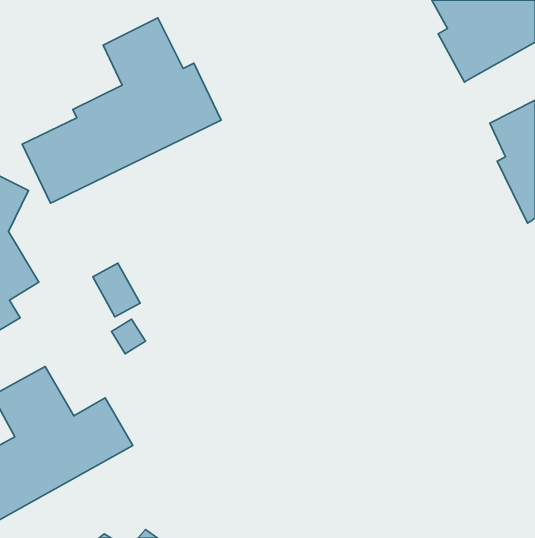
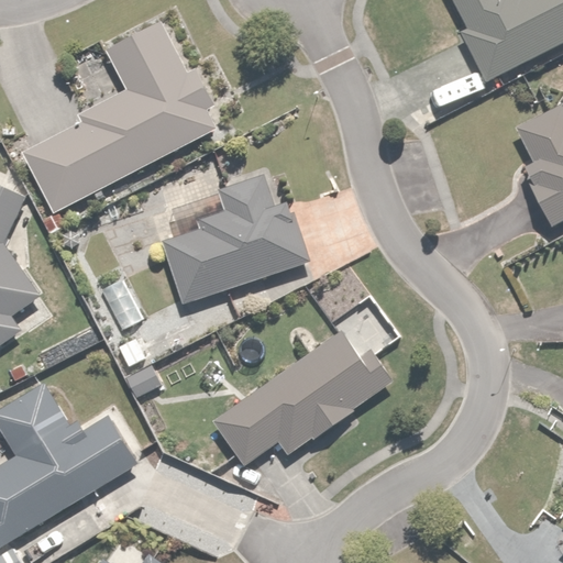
building: none -> [165,174,309,299]
building: none -> [214,302,384,464]

